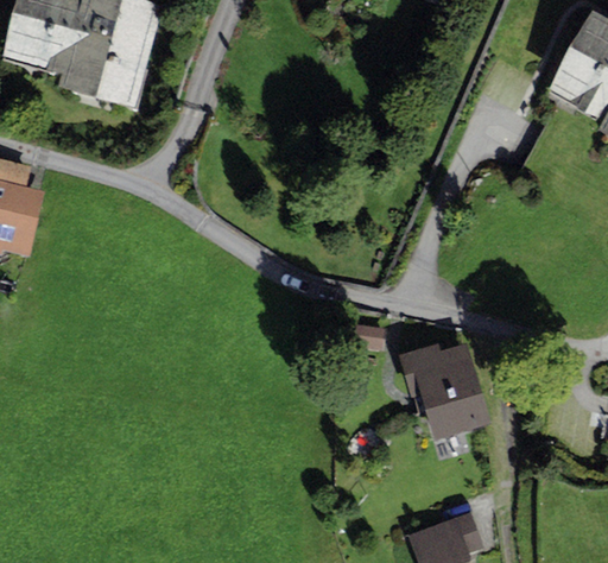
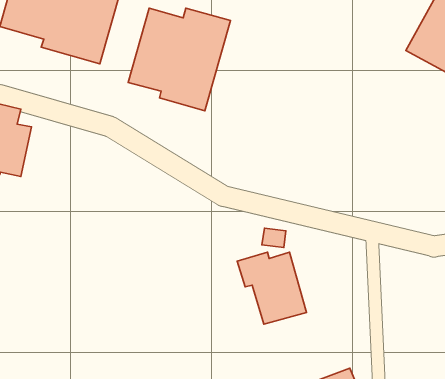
building: none -> [128,8,231,111]
building: [398,343,490,439] -> [237,252,307,324]

